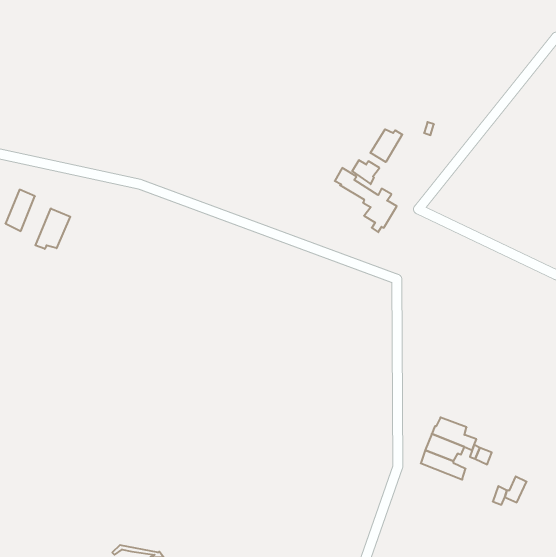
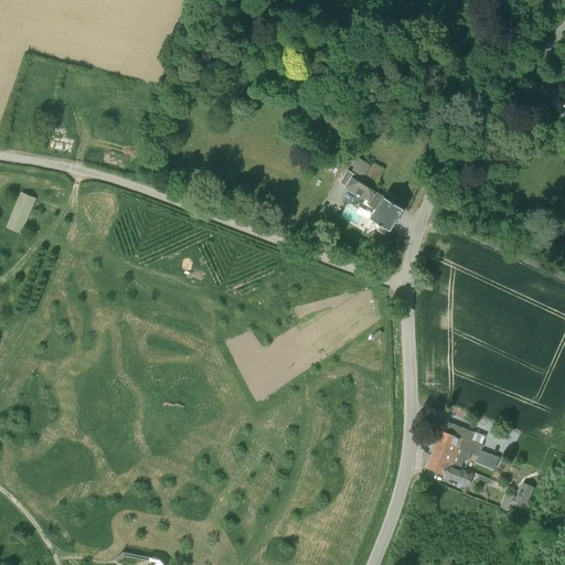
building: [370,129,402,162] -> none
building: [35,208,70,249] -> none

